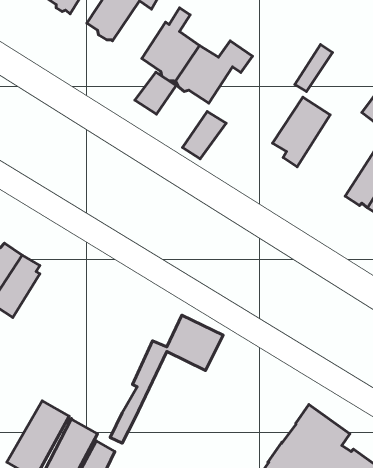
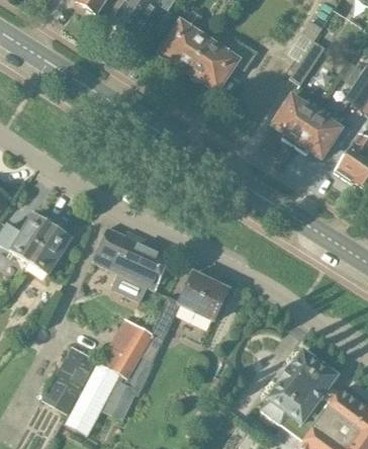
building: [135,72,176,114] -> none
building: [183,111,226,159] -> none
building: none -> [292,101,346,158]
building: none -> [92,228,170,291]
building: none -> [99,319,155,380]

